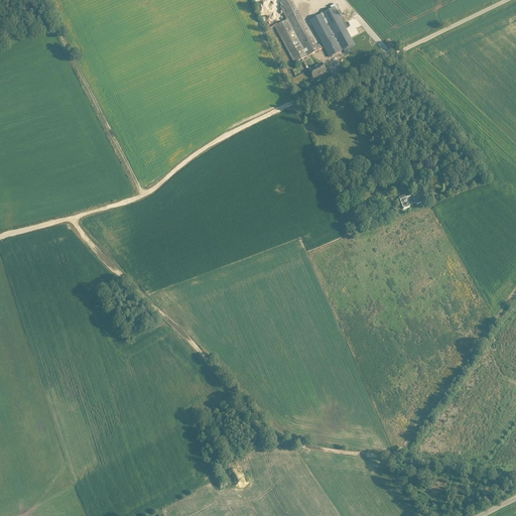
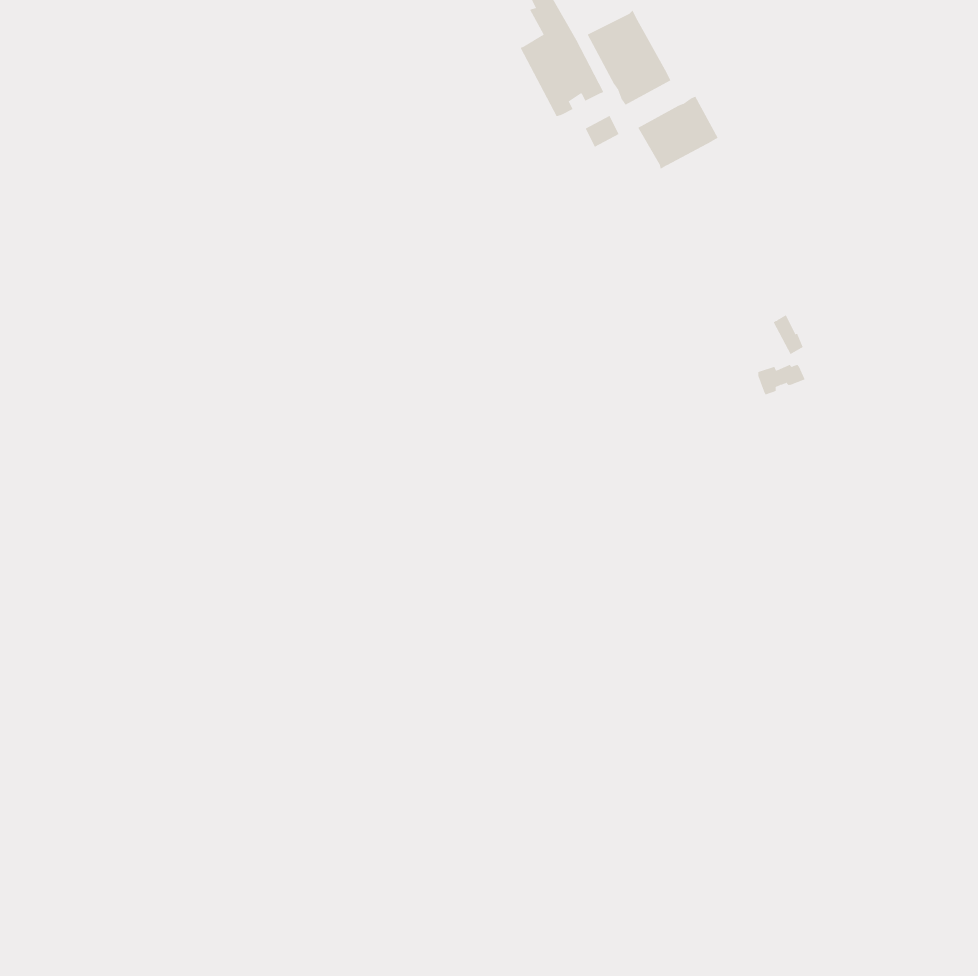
building: none -> [637,96,718,170]

